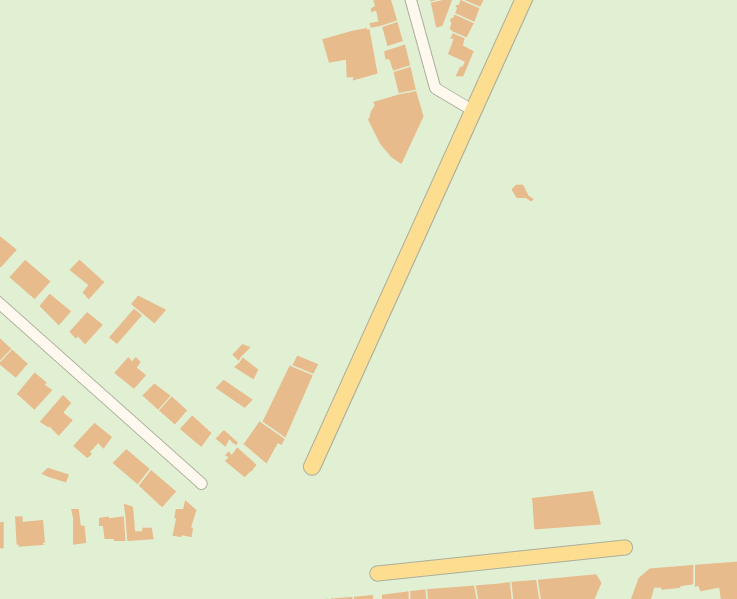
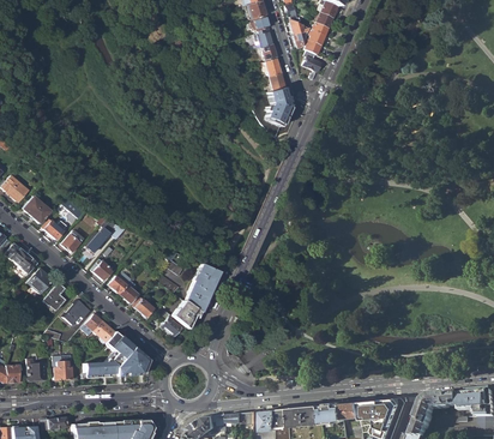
building: [321,27,379,82] -> none
building: [530,490,602,530] -> none

